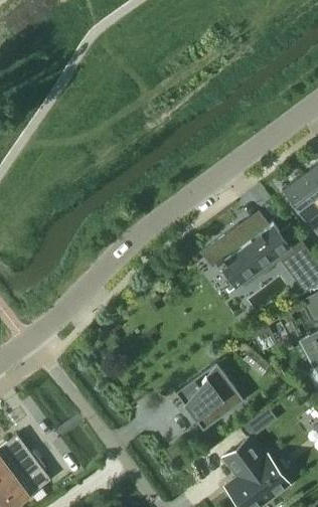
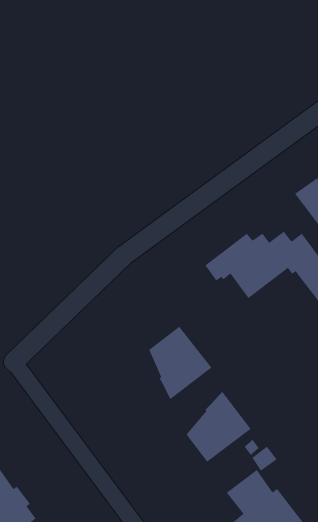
building: none -> [148,326,212,400]

